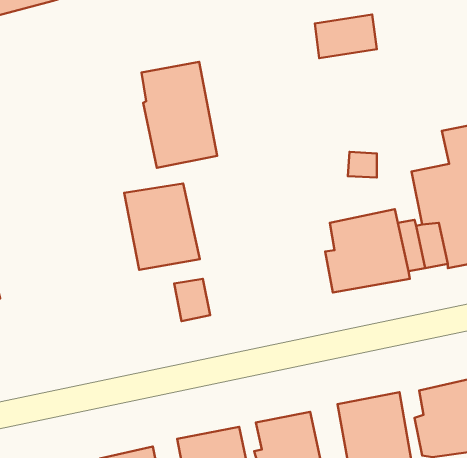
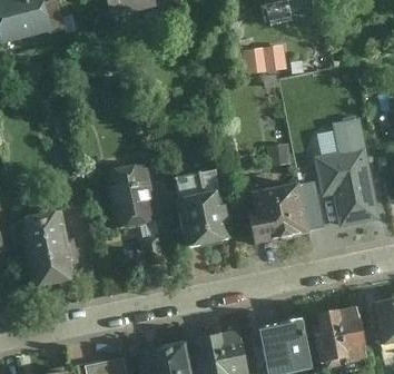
building: [142,62,217,168] -> [175,169,230,247]
building: none -> [19,209,79,288]

